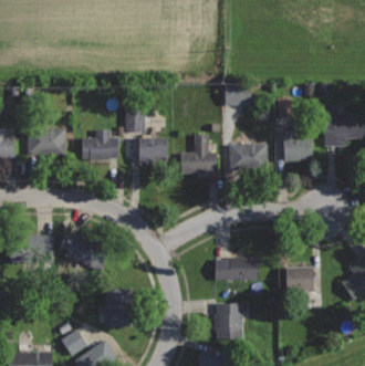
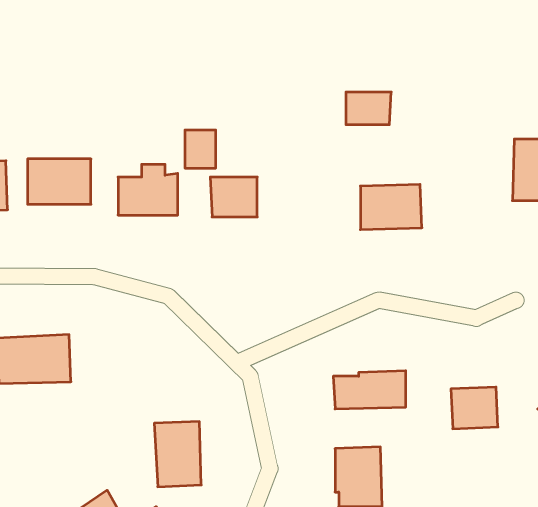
building: [282,130,312,161] -> none
building: [179,134,218,174] -> none
building: [59,231,110,271] -> none

